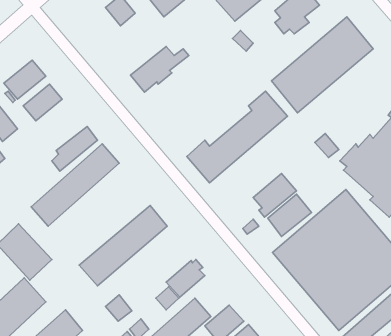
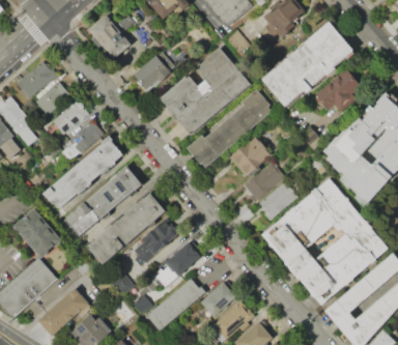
building: none -> [88,13,131,58]
building: none -> [160,48,250,134]
building: none -> [315,68,364,111]
building: none -> [52,100,87,134]
building: none -> [229,135,273,177]
building: none -> [64,167,141,238]
building: none -> [132,219,177,264]

